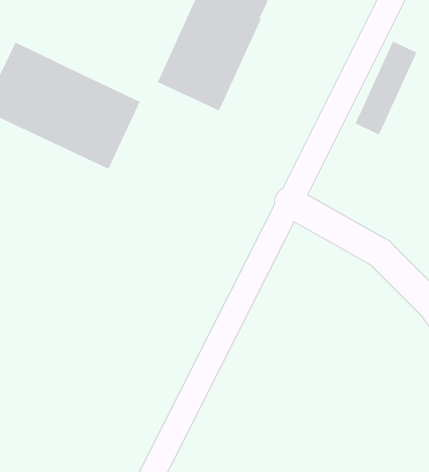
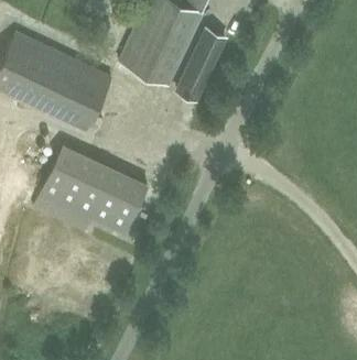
building: [355,41,417,135] -> [180,30,227,101]
building: none -> [39,146,147,232]

